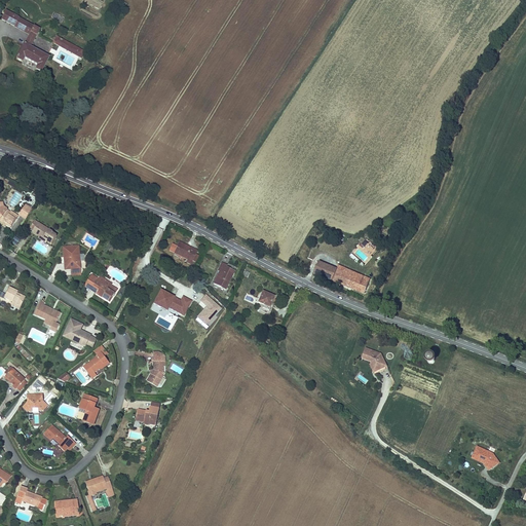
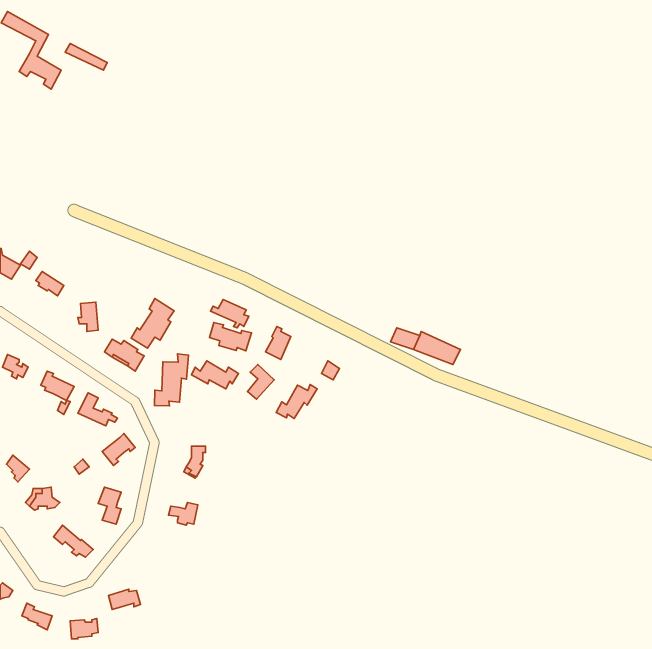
building: none -> [131,299,174,348]
building: none -> [209,322,252,351]
building: none -> [154,354,188,406]
building: none -> [276,385,317,419]
building: [360,344,387,371] -> none
building: [471,442,500,468] -> none

